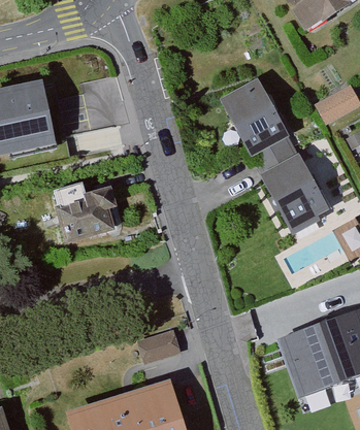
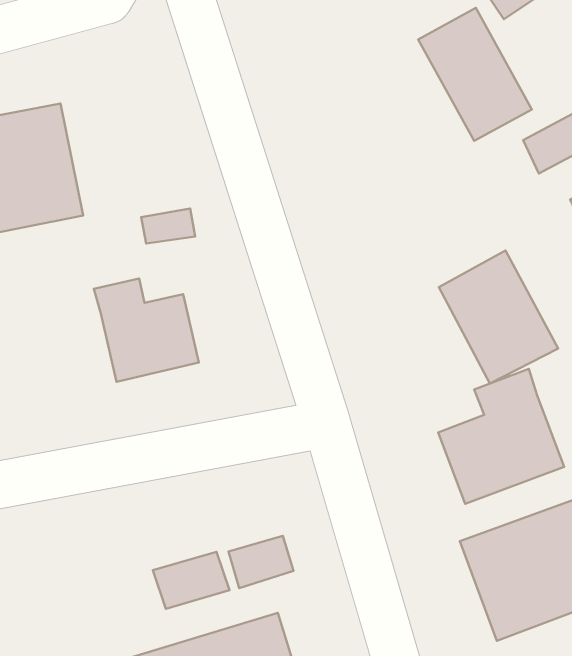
building: [229,90,296,168] -> [418,8,532,141]
building: none -> [438,369,564,504]
building: none -> [153,552,229,609]

